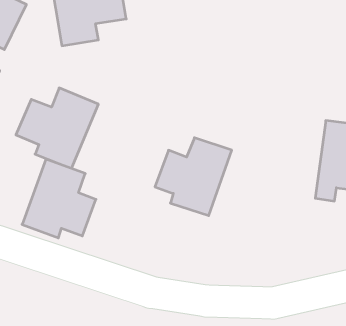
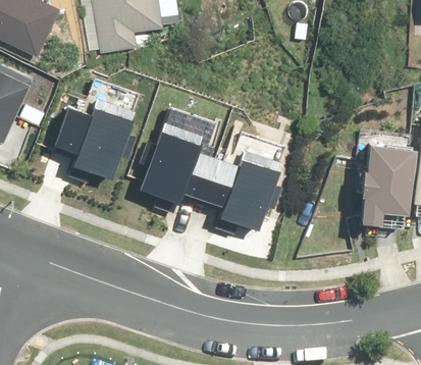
building: [22,159,96,238] -> [134,121,212,205]

